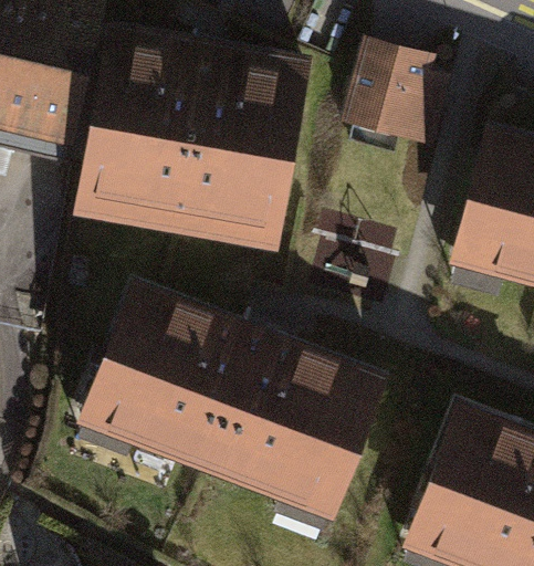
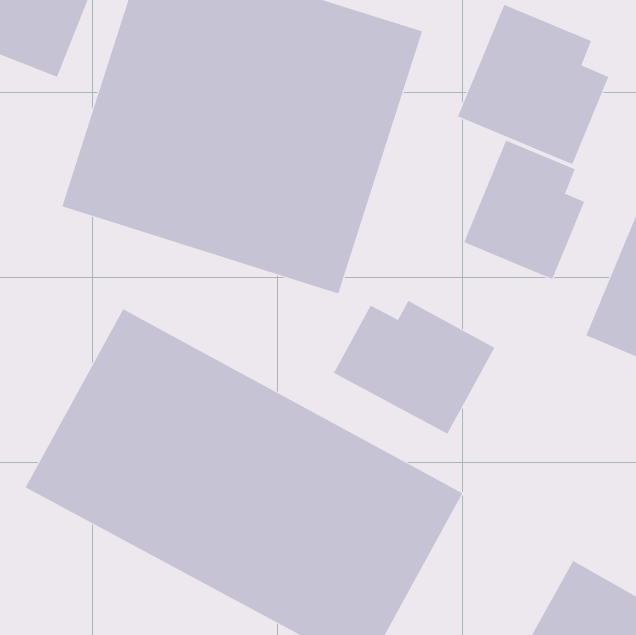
building: none -> [463,140,585,280]
building: none -> [333,300,495,434]

